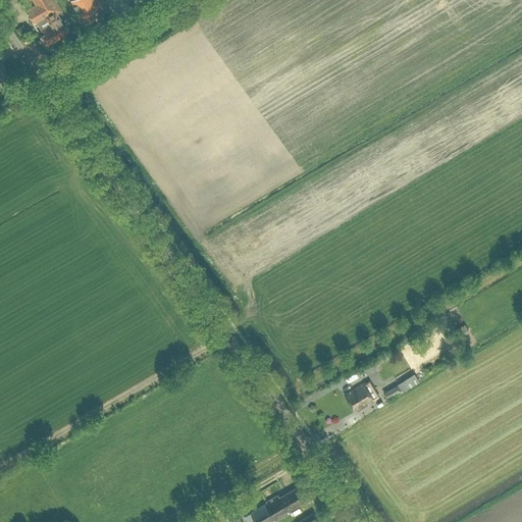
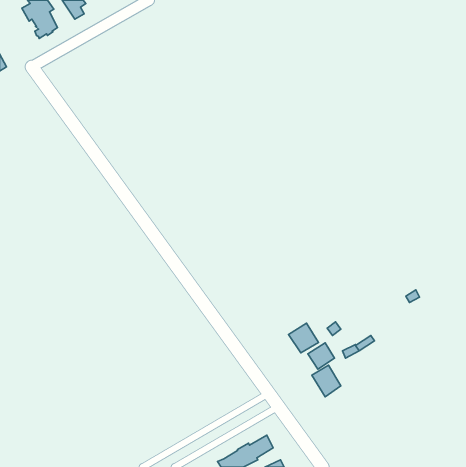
building: none -> [289,323,318,353]
building: none -> [312,365,341,397]

